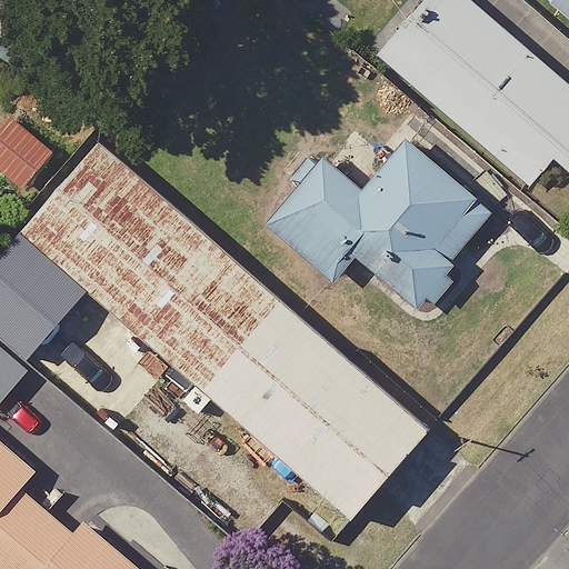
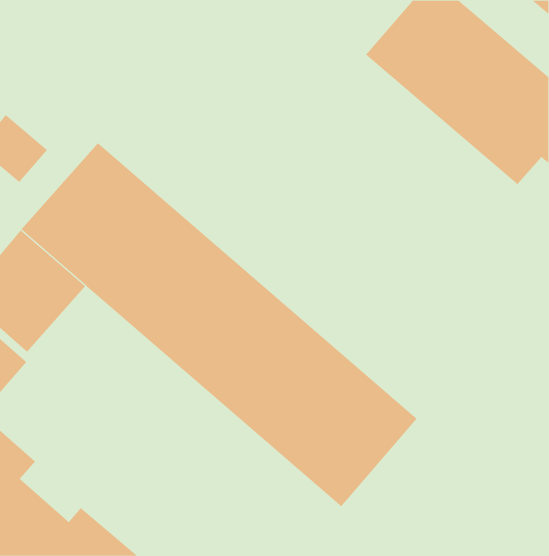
building: [262,136,497,307] -> none

